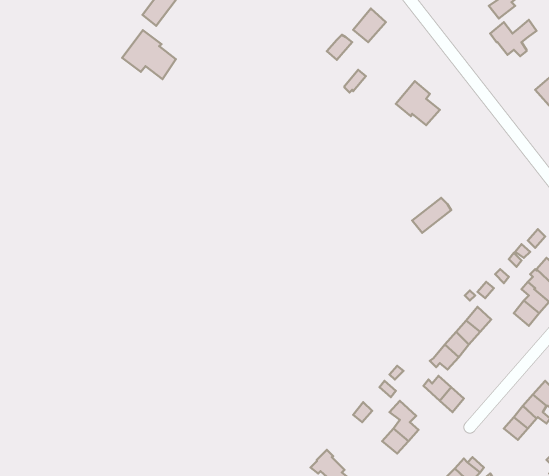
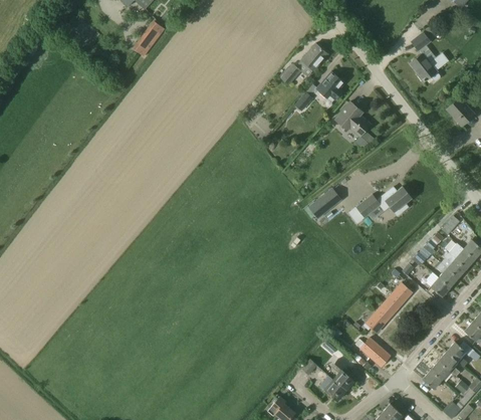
building: [122,30,176,79] -> none
building: none -> [316,71,344,99]
building: none -> [377,187,411,216]
building: none -> [308,188,340,218]

